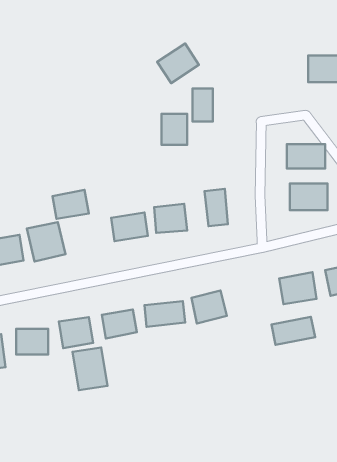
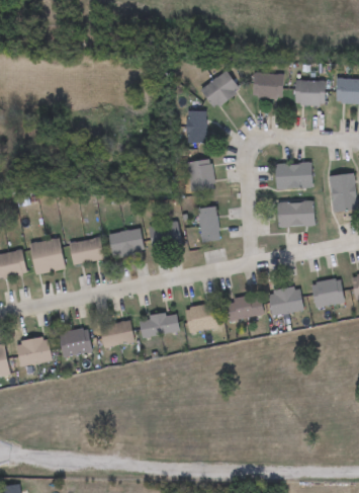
building: [157,44,199,83] -> [200,71,240,108]
building: none -> [253,73,282,98]
building: [162,114,187,145] -> [188,160,212,189]
building: [52,190,89,219] -> [69,237,103,264]
building: [271,317,315,345] -> [222,295,264,321]
building: [73,347,107,390] -> none

